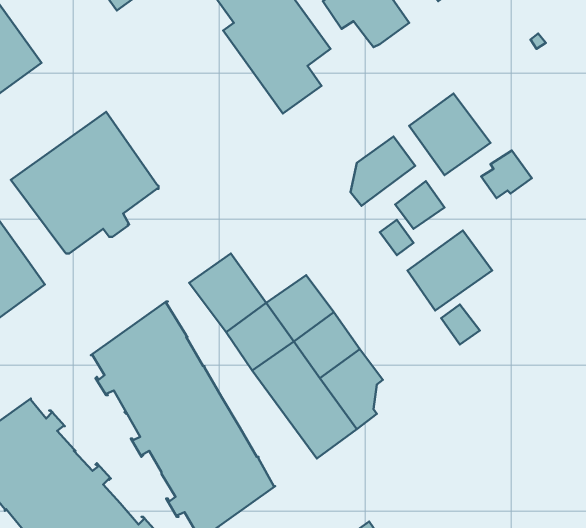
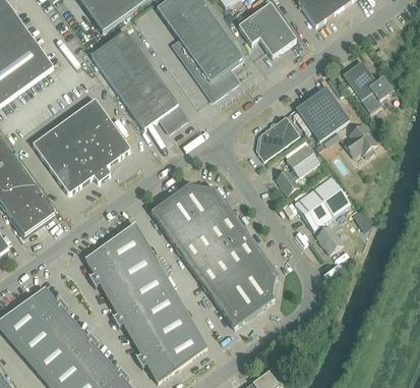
building: none -> [91,30,193,130]
building: none -> [342,59,391,110]
building: none -> [177,181,227,224]

